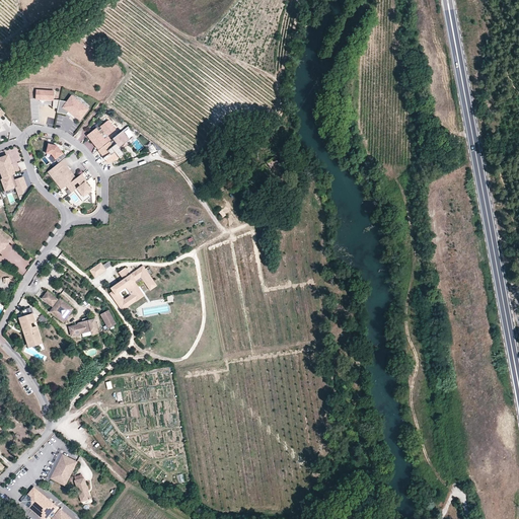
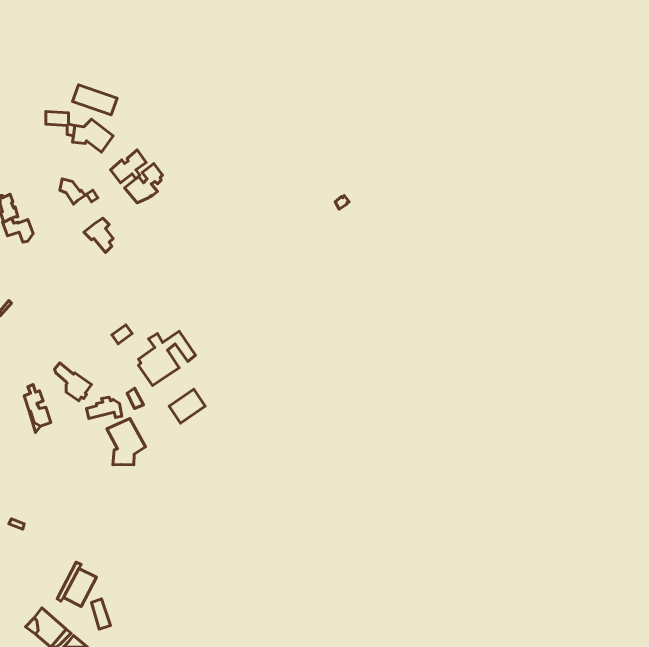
building: none -> [72,85,117,115]
building: [49,160,76,190] -> none
building: none -> [169,389,205,423]
building: none -> [107,419,145,465]

